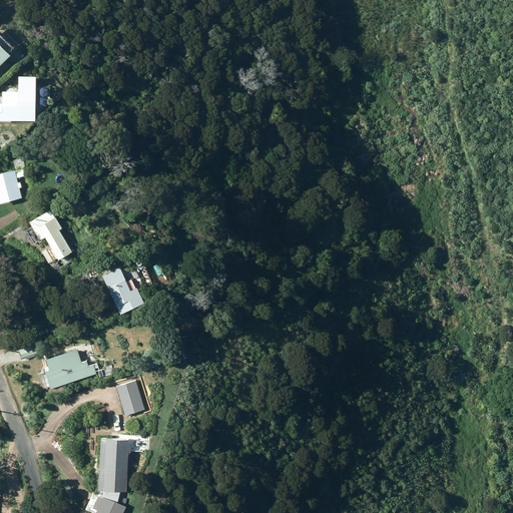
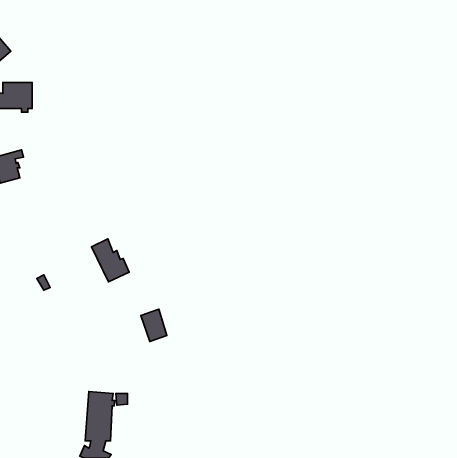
building: [30,209,74,264] -> none
building: [47,349,99,390] -> none
building: [113,380,142,416] -> [141,309,167,342]

